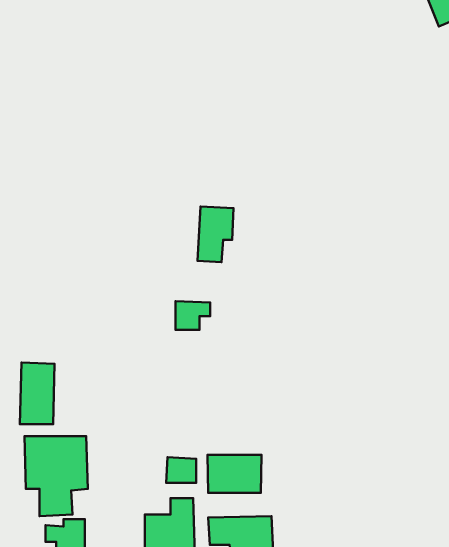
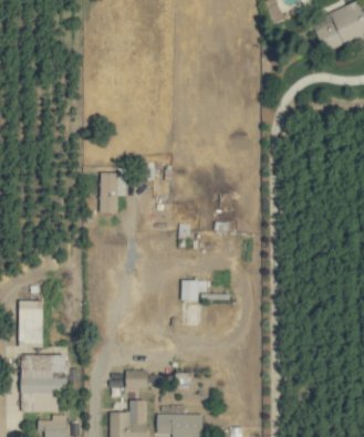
building: [197,207,234,262] -> [98,171,125,212]
building: [175,301,210,330] -> [180,279,206,300]
building: [208,455,262,493] -> none

